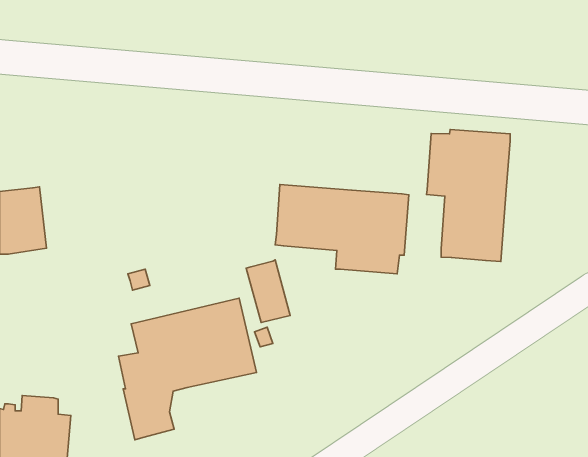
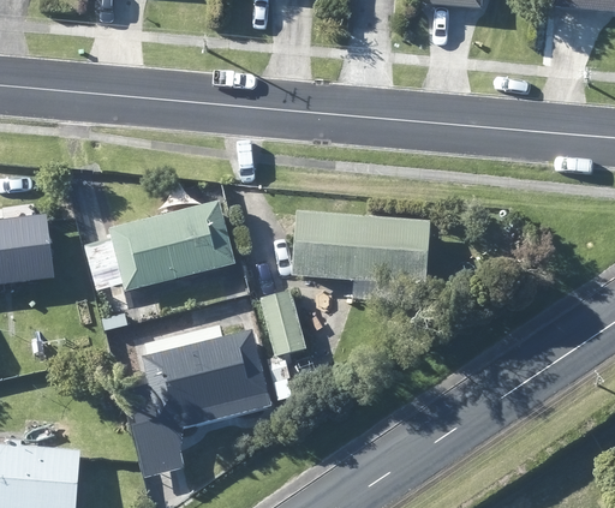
building: [426,129,510,262] -> none
building: none -> [109,199,234,288]

